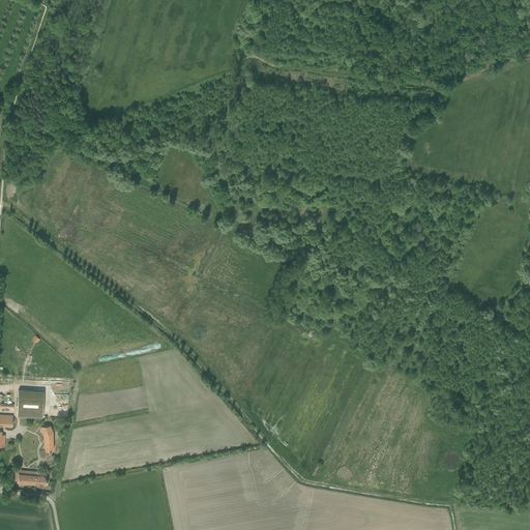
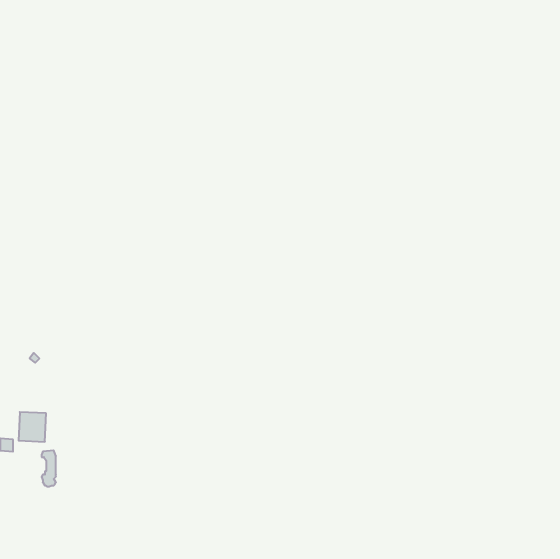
building: [14,471,48,488] -> none

